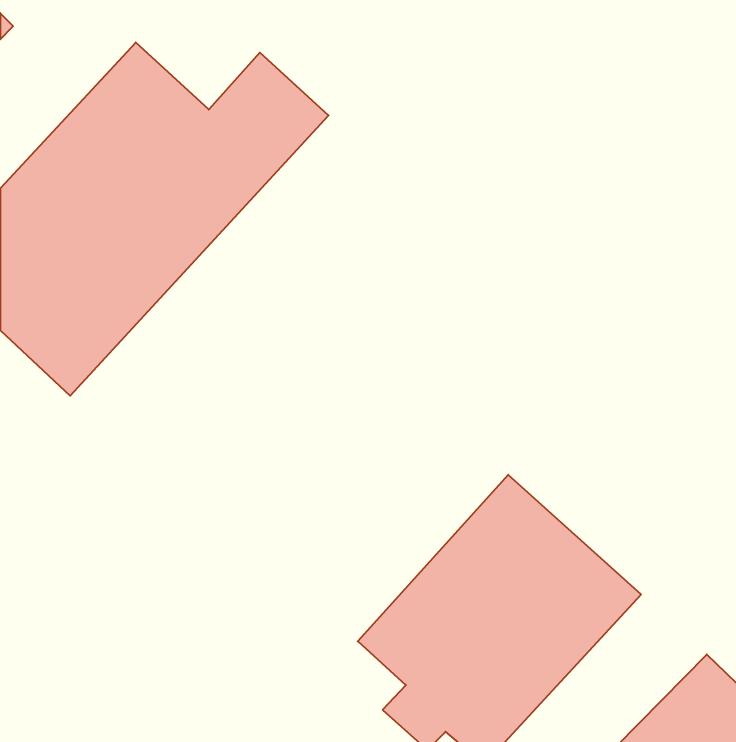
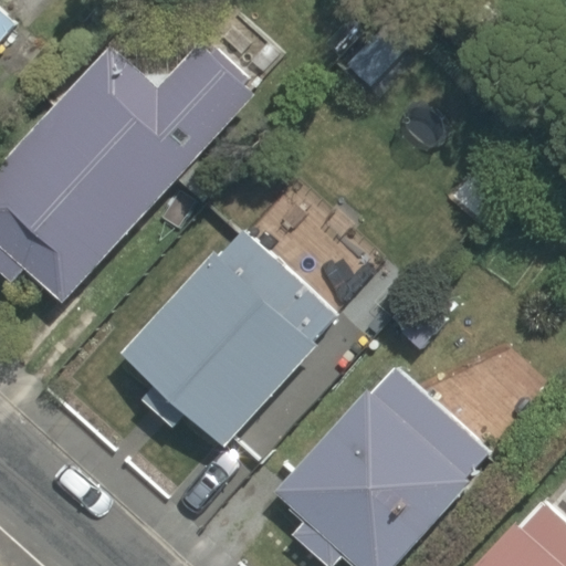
building: none -> [119,232,335,451]

